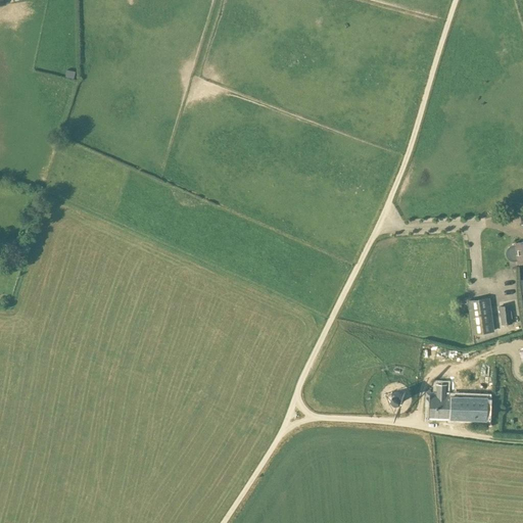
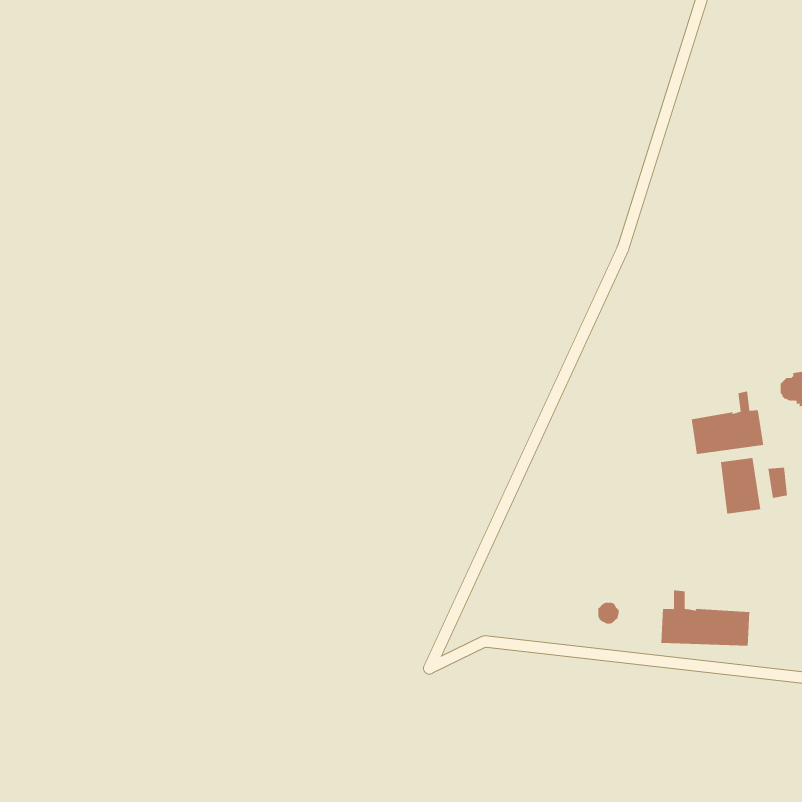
building: none -> [691,390,764,455]

